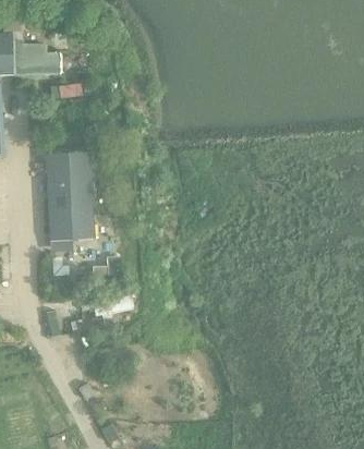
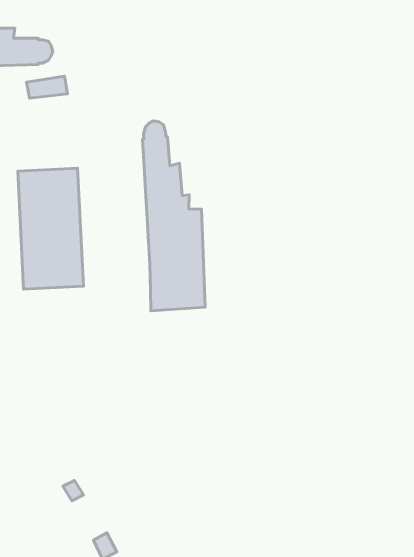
building: none -> [142,121,205,311]

